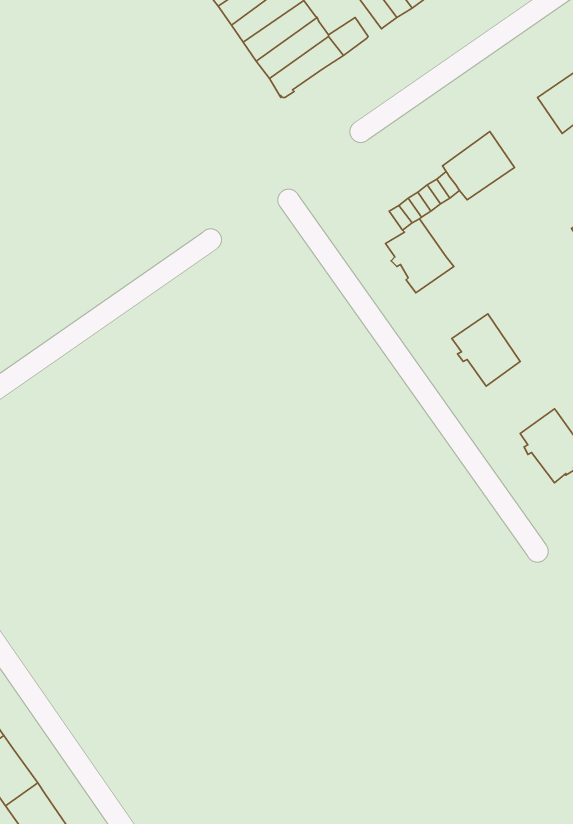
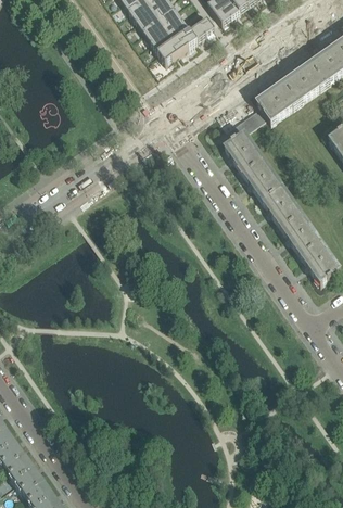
building: none -> [283,62,325,102]
building: none -> [241,158,282,200]
building: none -> [281,213,320,254]

